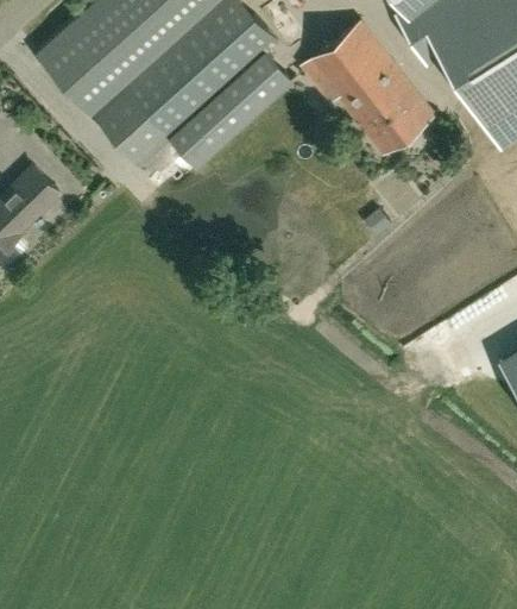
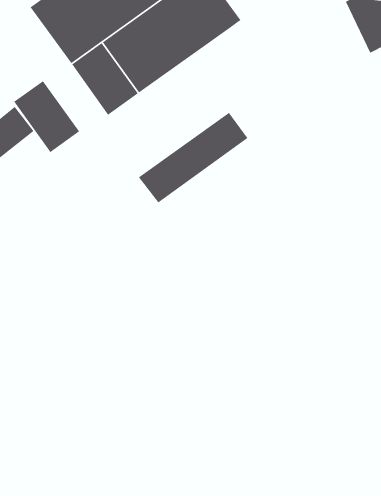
building: [301,20,433,153] -> none
building: [171,54,291,165] -> [138,112,248,204]
building: none -> [13,80,80,153]

